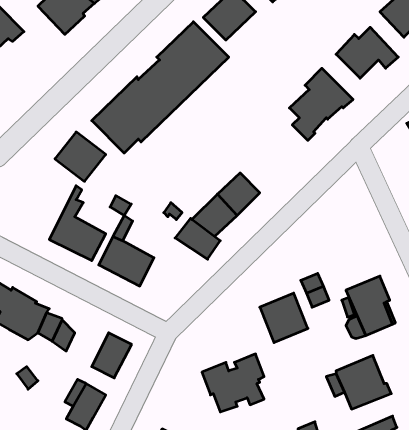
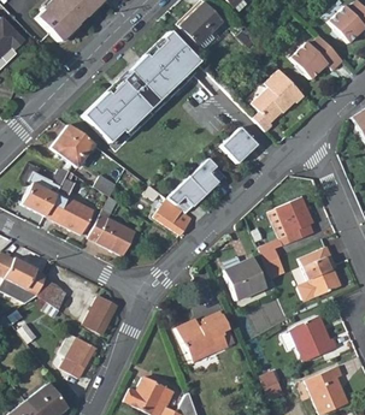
building: none -> [223,128,259,164]
building: none -> [23,165,70,215]
building: none -> [278,196,314,241]

